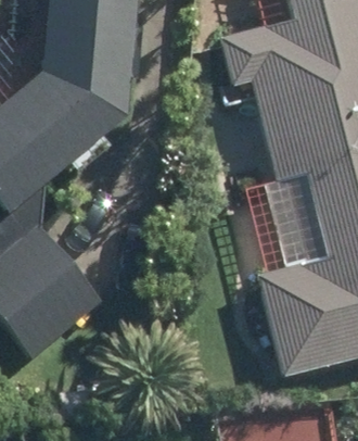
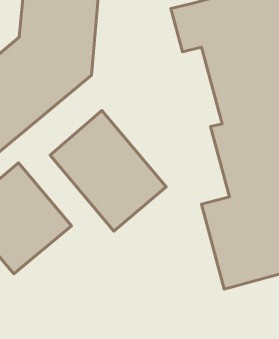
building: none -> [50,111,166,231]

